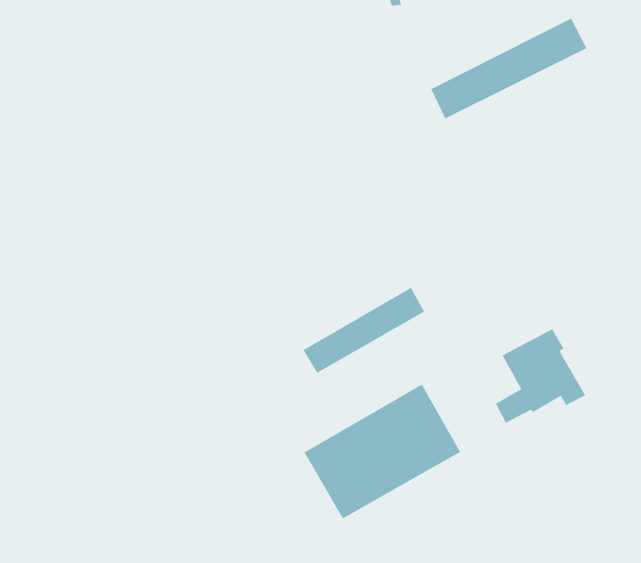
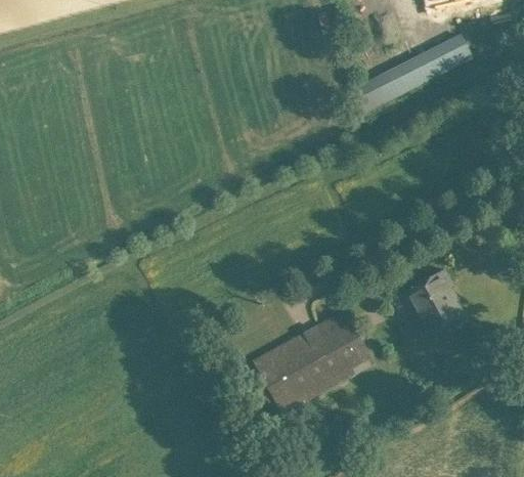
building: [302,287,425,374] -> none

